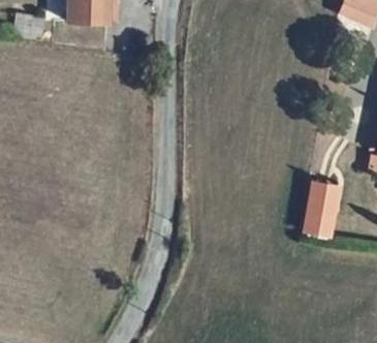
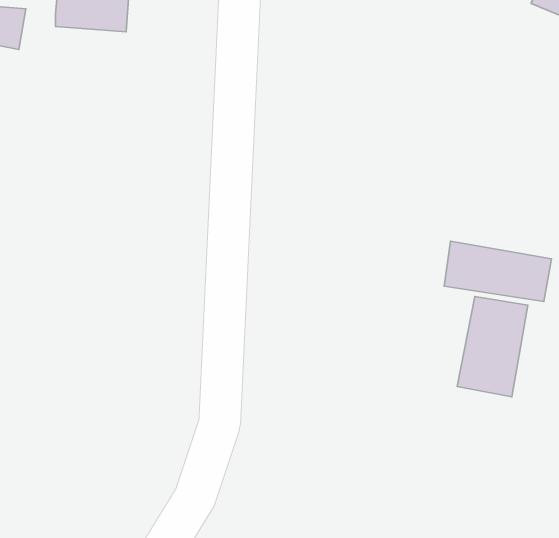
building: none -> [444,241,552,302]

